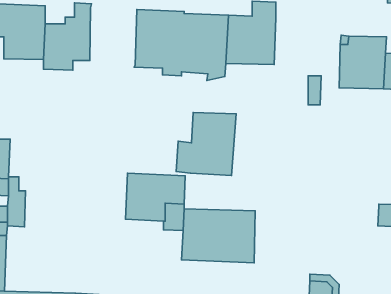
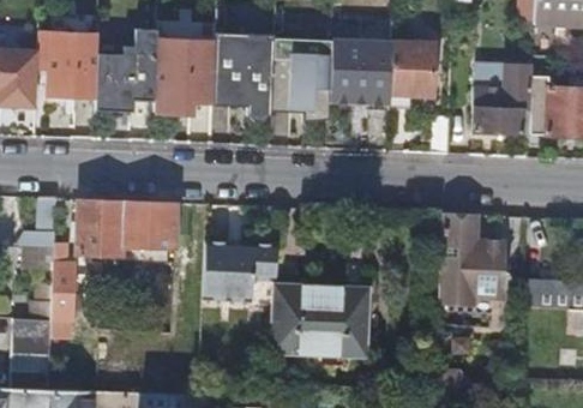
building: none -> [155,31,216,115]
building: none -> [390,44,434,108]
building: [176,113,236,175] -> none
building: none -> [79,199,176,256]
building: none -> [438,215,505,305]

